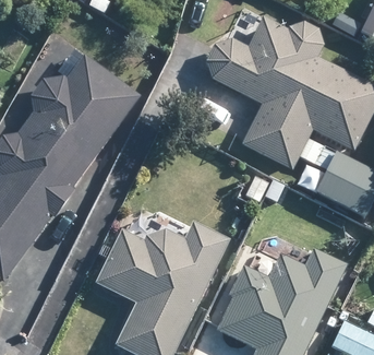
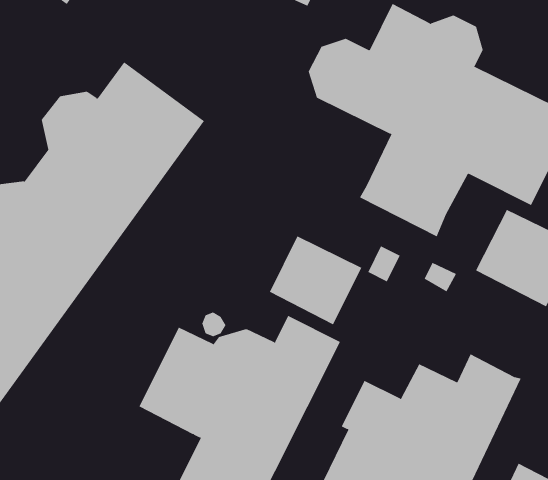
building: none -> [269,235,362,325]

